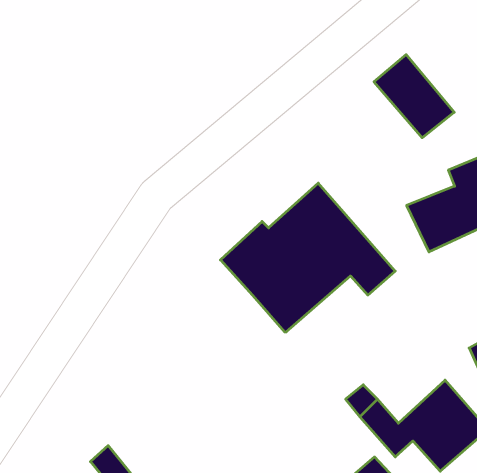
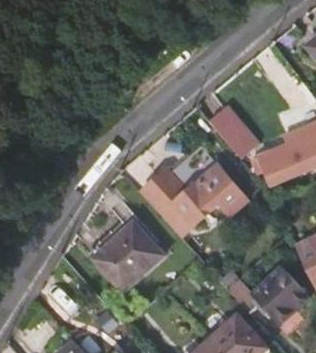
building: [374,55,454,138] -> [209,105,259,157]
building: none -> [88,216,165,292]

